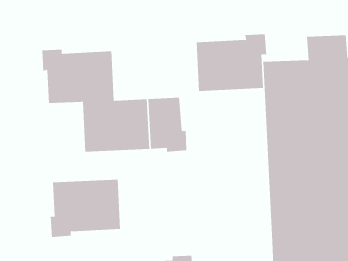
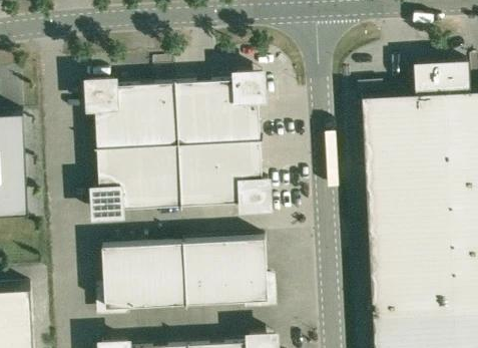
building: [196,34,267,91] -> [175,72,264,143]
building: none -> [93,145,141,215]
building: none -> [183,237,274,306]

